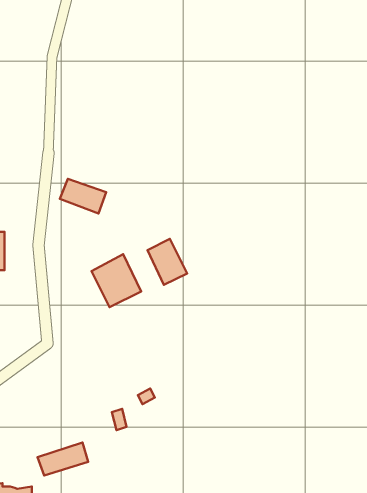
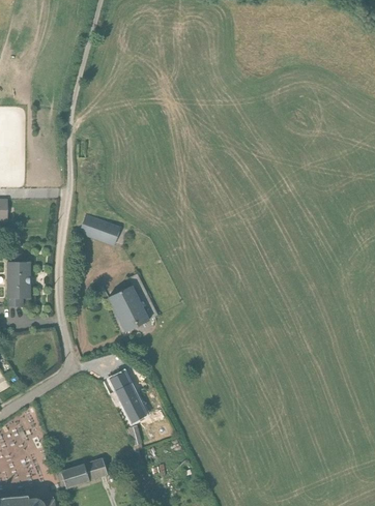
building: [148,239,187,285] -> none
building: none -> [102,371,145,422]

